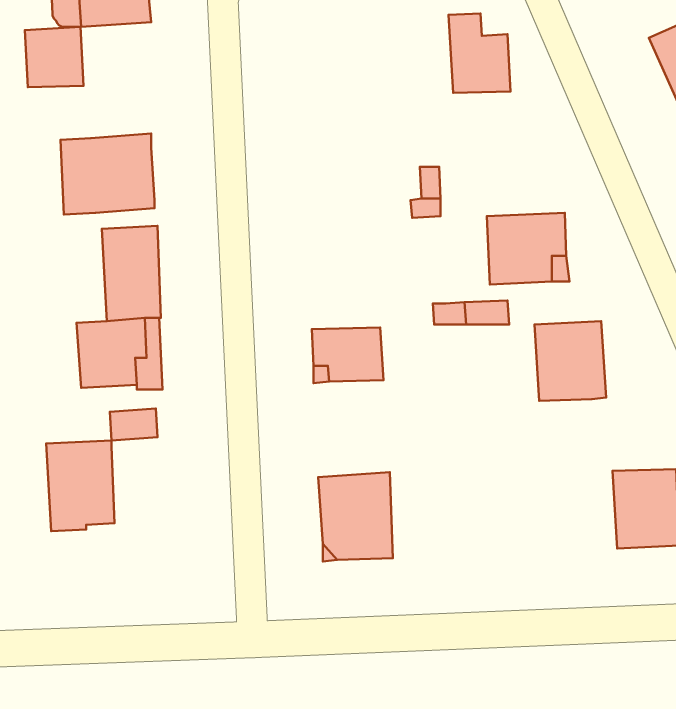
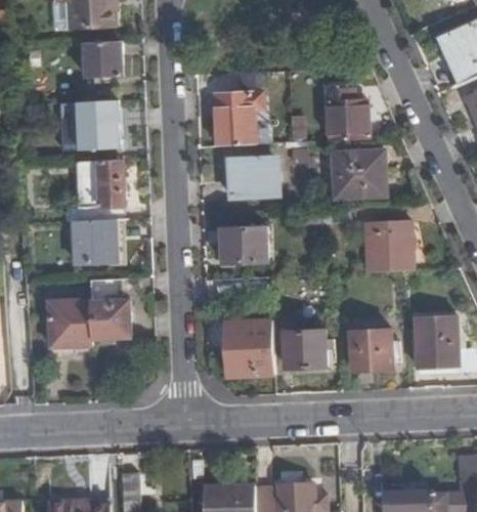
building: [449,13,511,93] -> [328,88,367,139]
building: [25,27,84,87] -> [85,41,123,80]
building: none -> [215,93,262,146]
building: none -> [221,158,273,198]
building: none -> [92,299,131,350]
building: none -> [349,327,392,368]
building: none -> [285,328,327,368]

